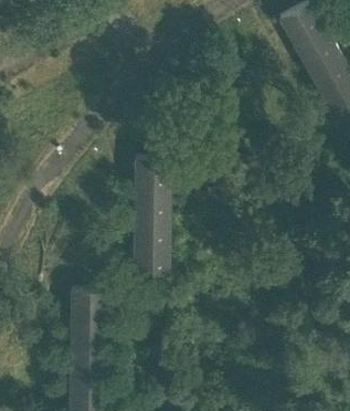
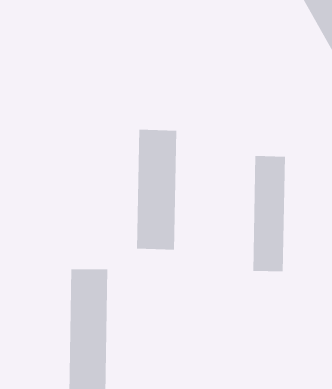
building: none -> [253,155,285,272]

